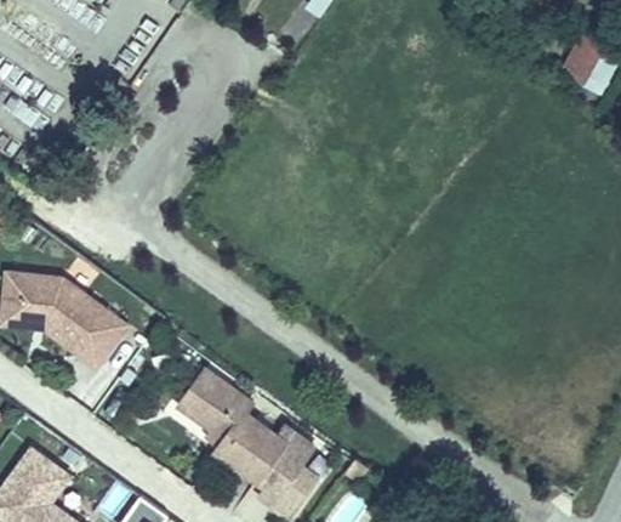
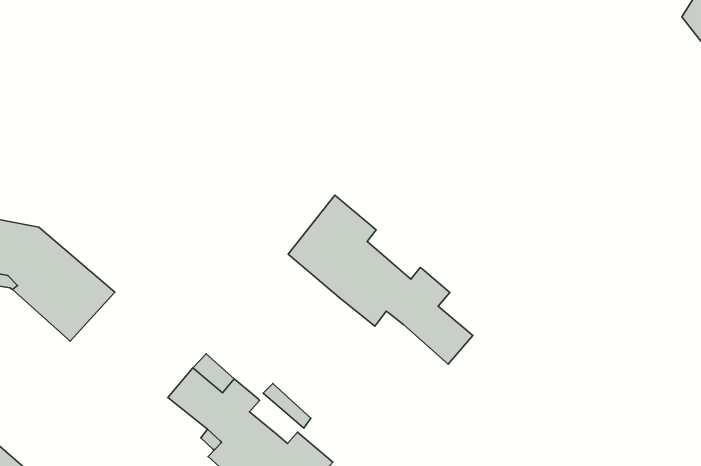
building: none -> [288,195,473,364]

